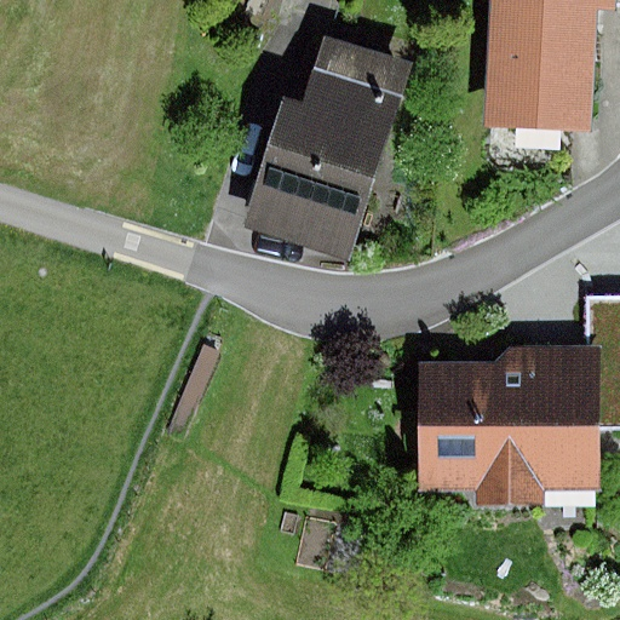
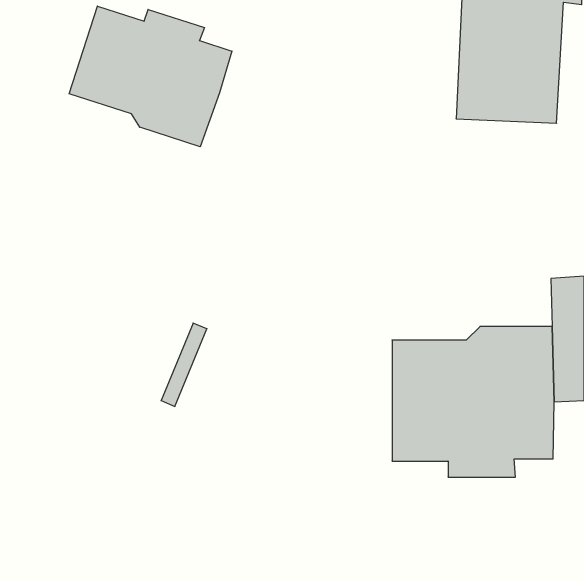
building: none -> [69,6,232,147]
building: [245,34,413,258] -> none

